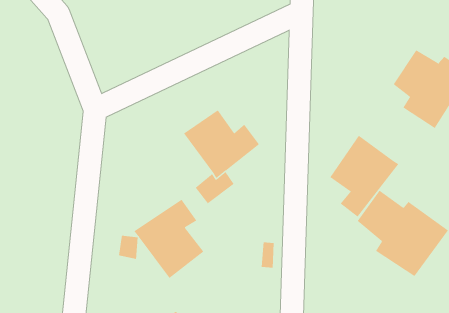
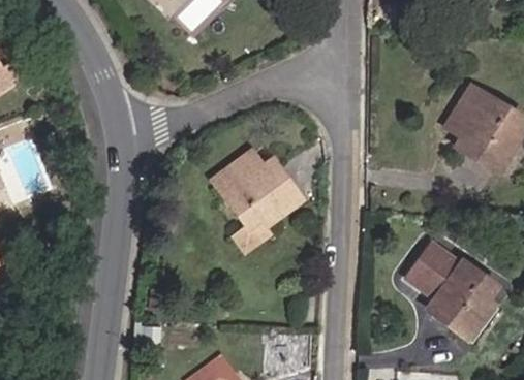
building: [329,135,399,218] -> none
building: [134,199,204,279] -> none

